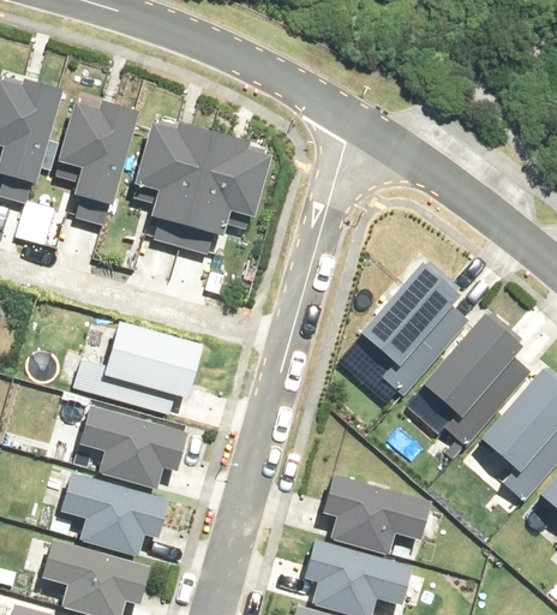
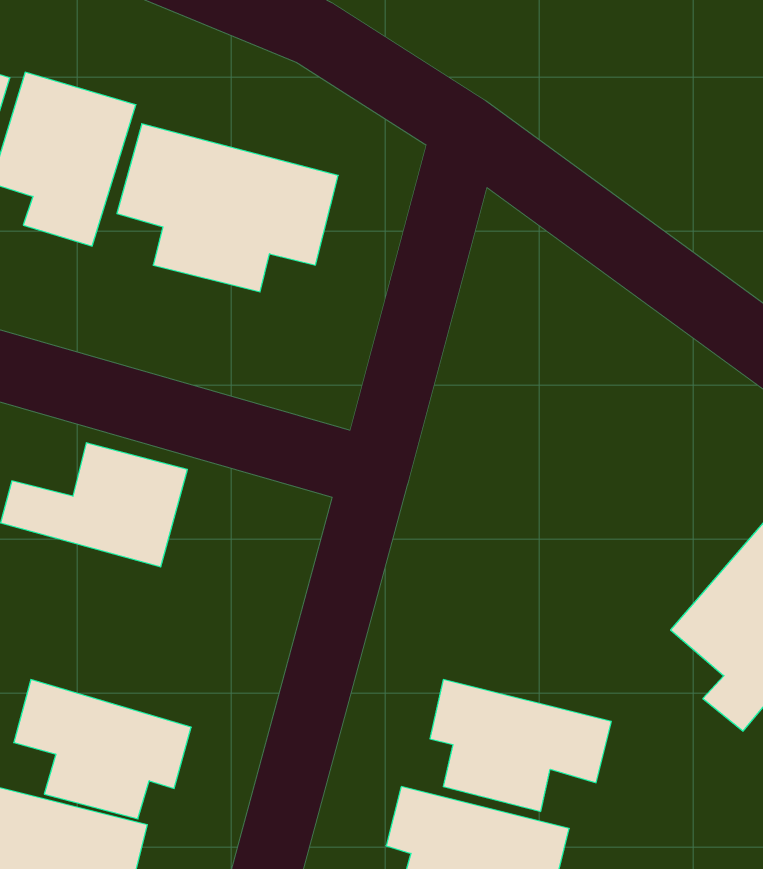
building: [351,253,455,388] -> none
building: [423,309,527,443] -> none
building: [84,404,197,489] -> none

